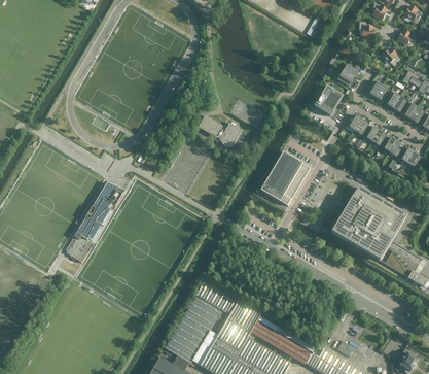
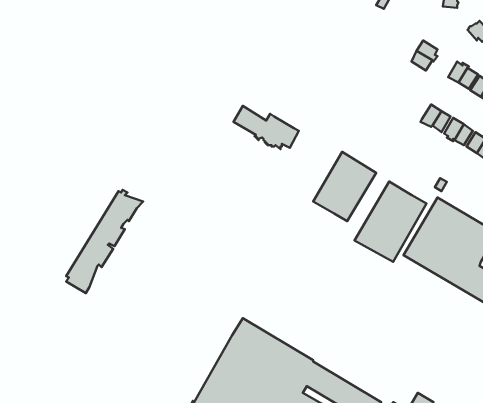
building: [313,86,342,115] -> none
building: none -> [354,181,426,262]

